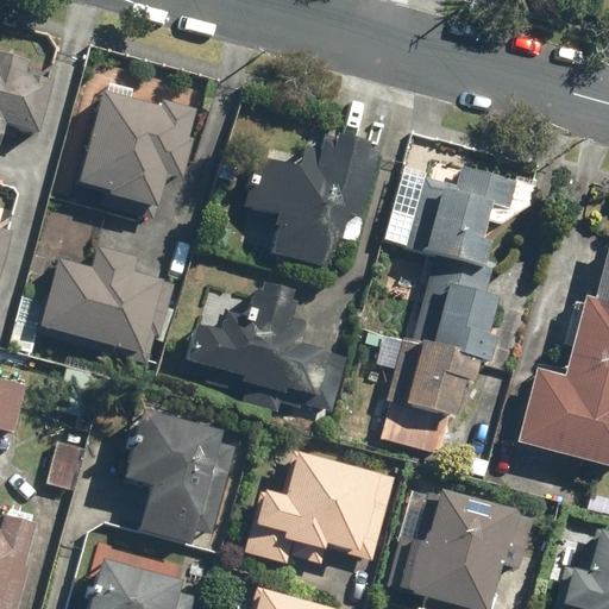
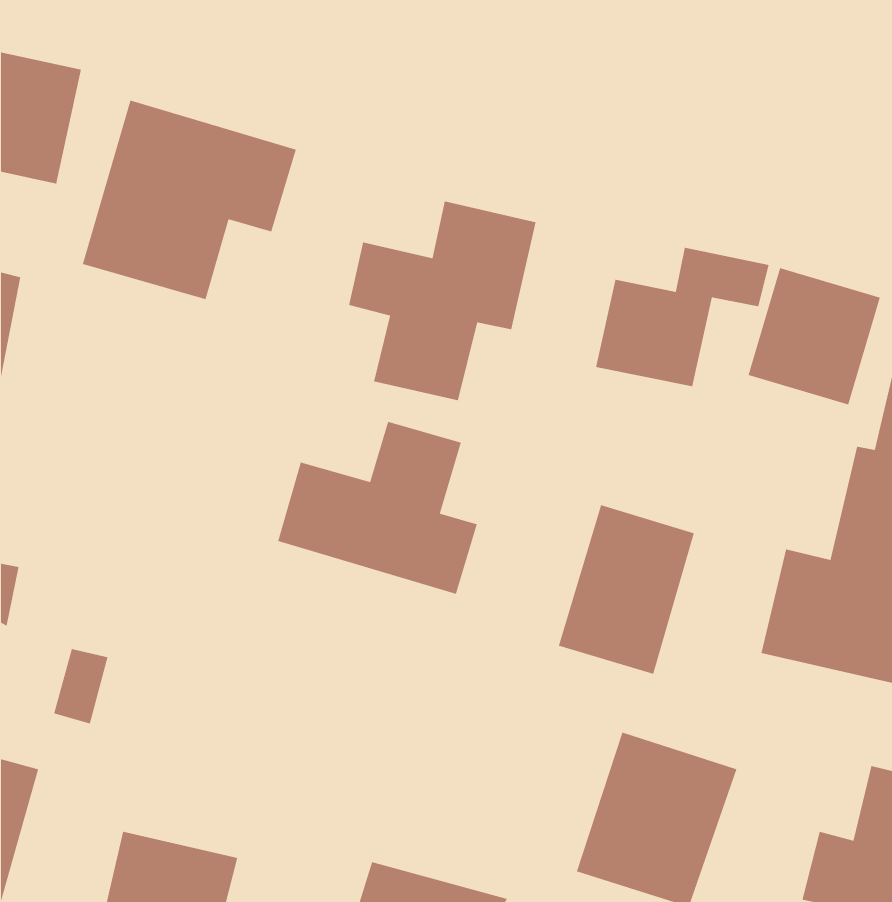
building: [32,247,157,358] -> none
building: [423,266,513,359] -> [748,267,881,406]
building: [119,412,239,552] -> none
building: [244,458,391,559] -> none

